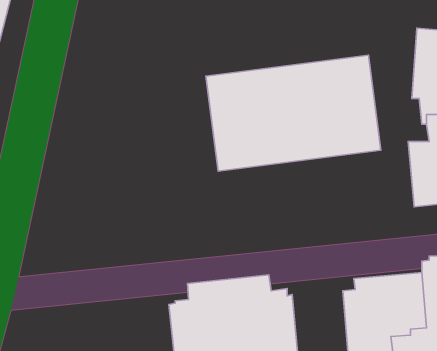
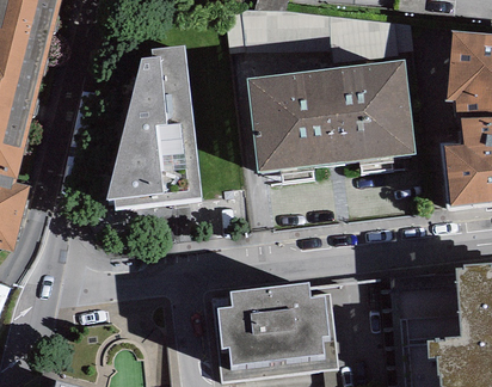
building: none -> [106,41,202,202]

